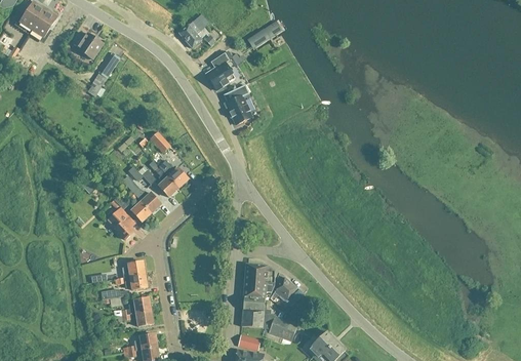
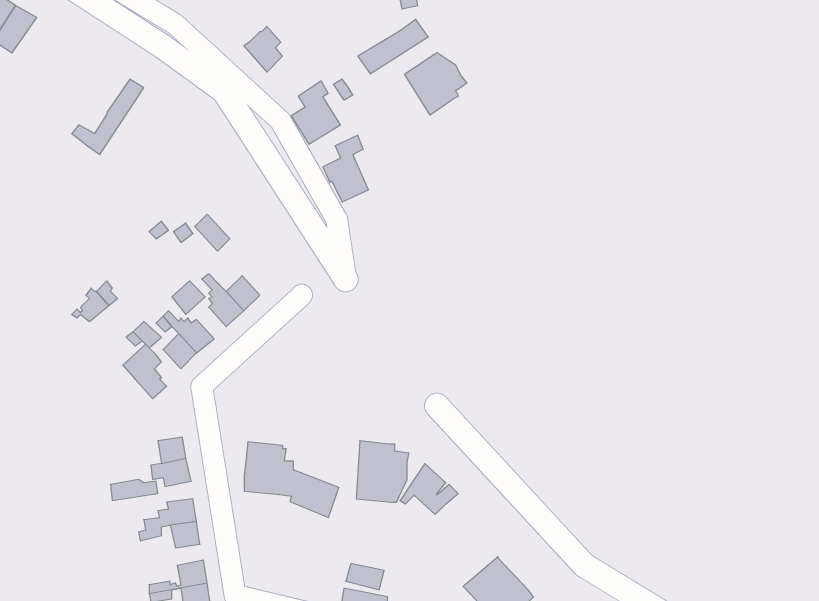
building: [72,31,104,59] -> none
building: none -> [405,53,467,115]
building: [242,297,297,342] -> [244,442,339,517]

